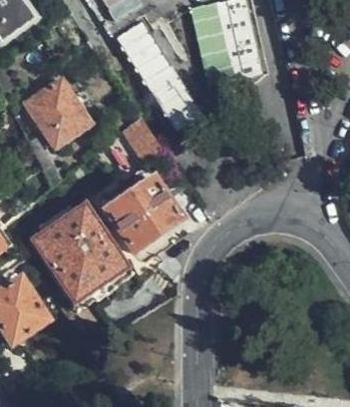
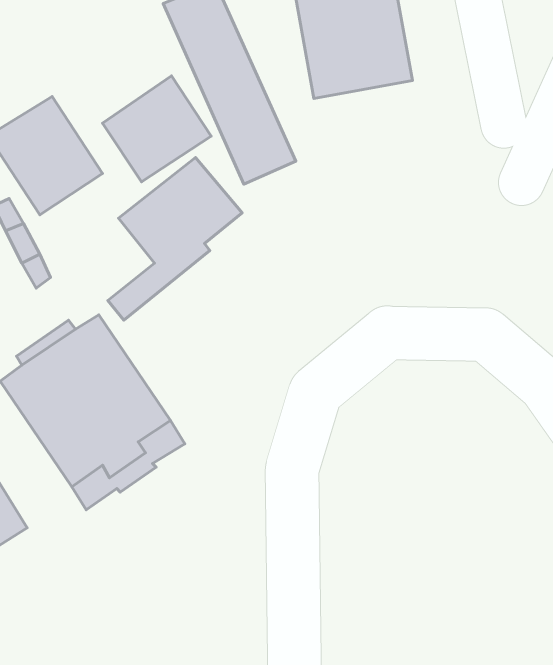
building: none -> [103,76,211,182]
building: [106,177,183,253] -> none

